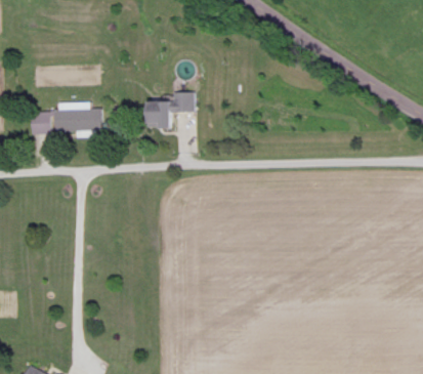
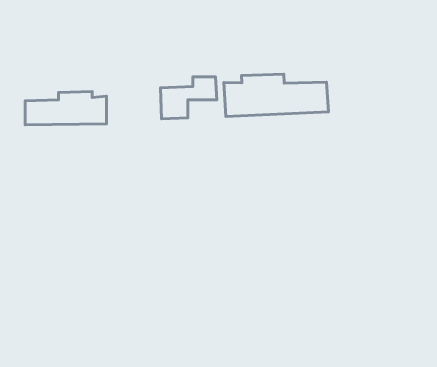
building: none -> [224,74,328,117]

